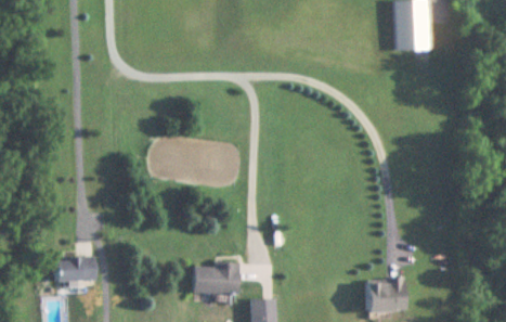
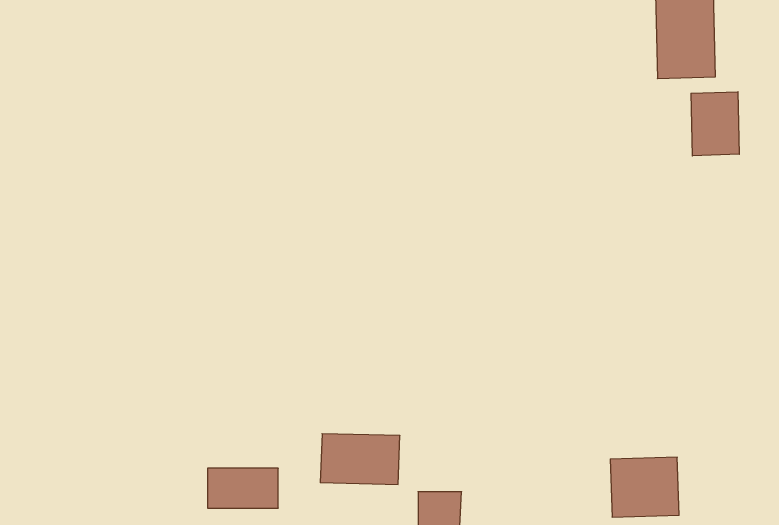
building: none -> [691,92,739,156]
building: [54,257,96,281] -> [208,468,278,508]

